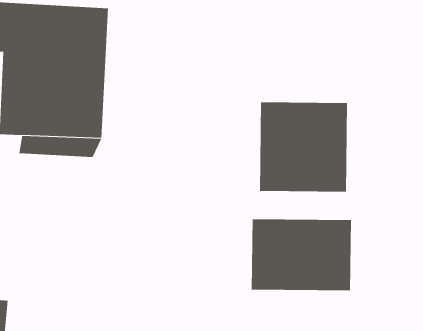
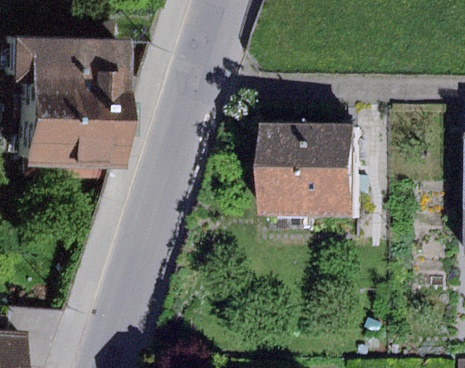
building: [251,218,351,291] -> none

